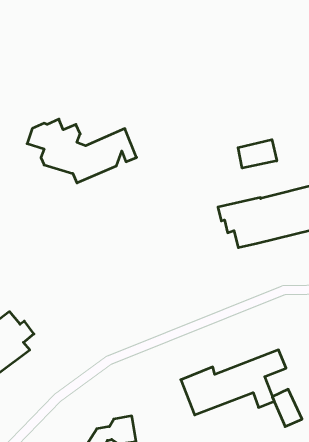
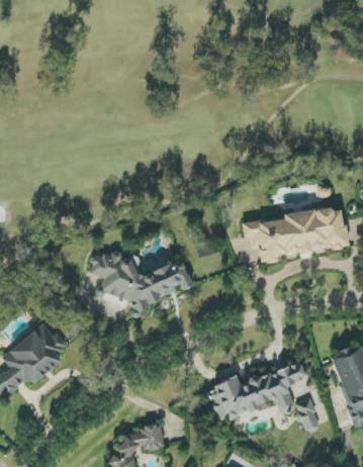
building: [27,119,137,183] -> [88,249,192,309]
building: [238,140,277,168] -> none

